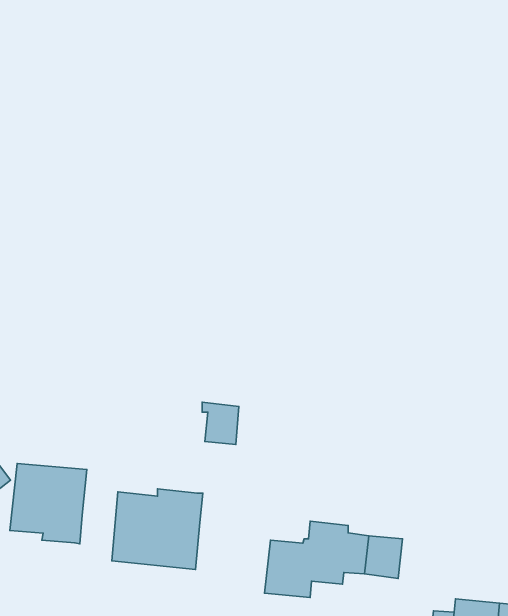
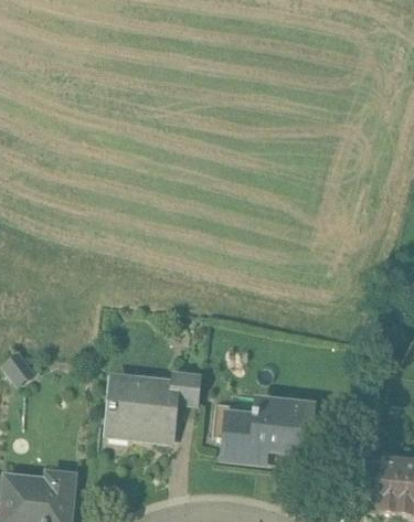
building: [202,402,239,445] -> [172,373,200,405]
building: [10,464,87,544] -> none

